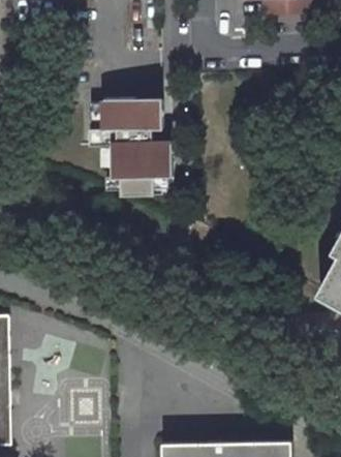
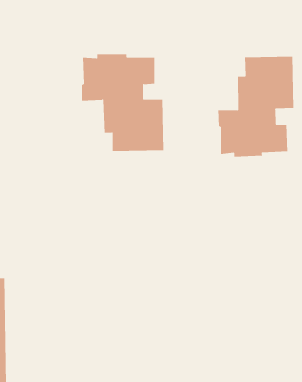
building: none -> [218,56,294,157]

